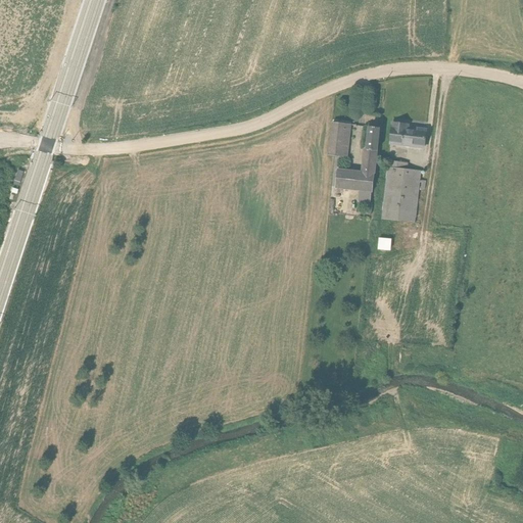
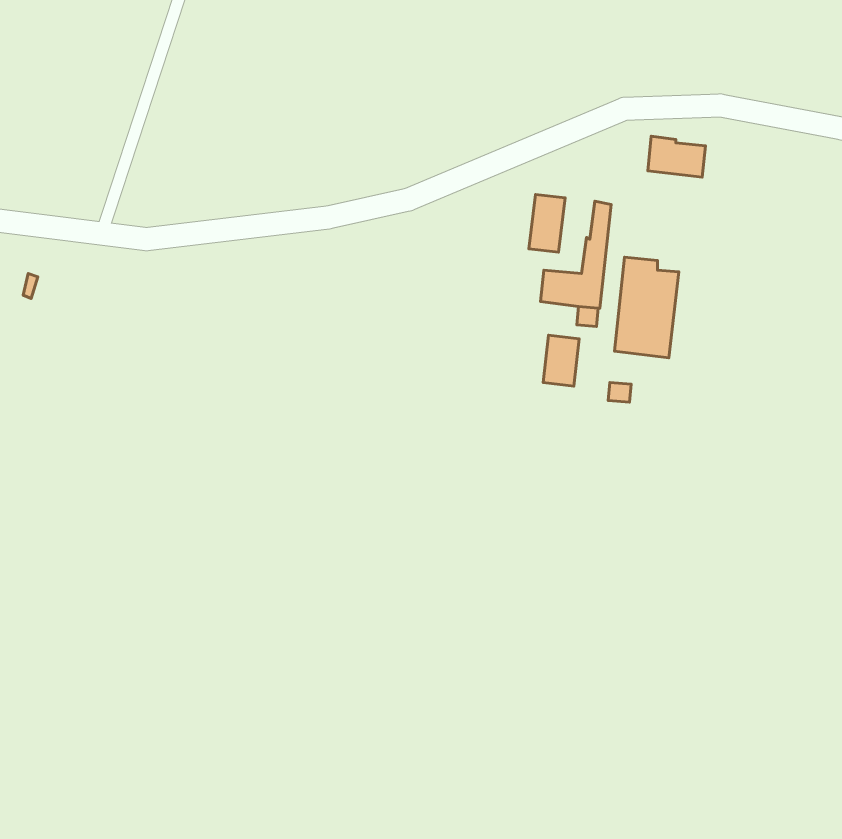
building: [390,122,426,147] -> [648,136,705,177]
building: none -> [543,335,579,386]

